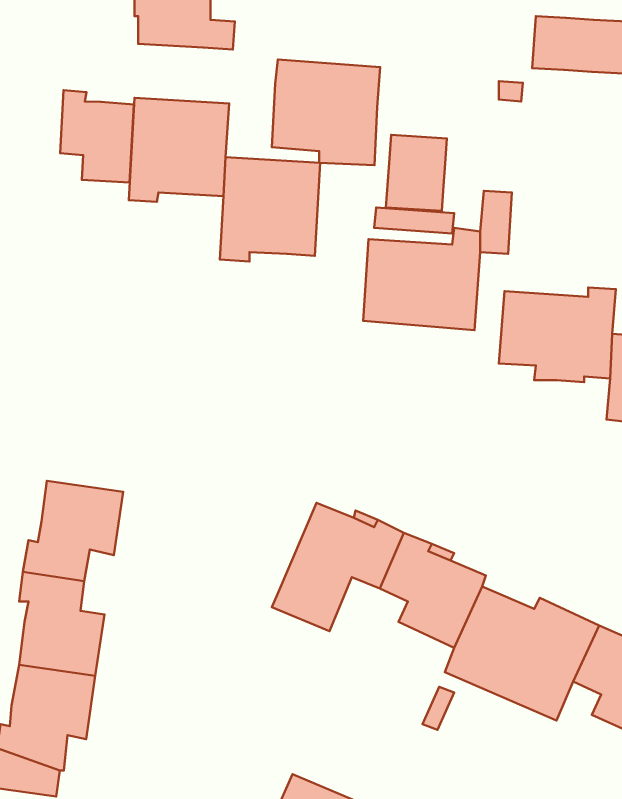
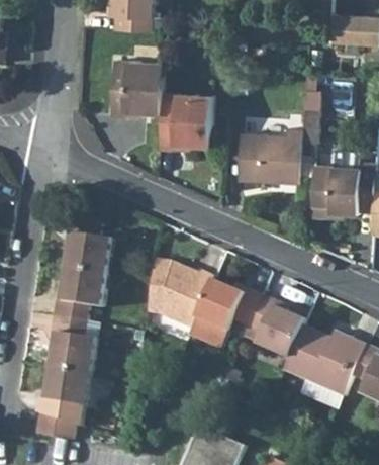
building: [272,59,380,165] -> none
building: [60,90,134,182] -> none
building: [386,135,447,211] -> none
building: none -> [65,211,112,273]
building: none -> [146,260,212,329]

